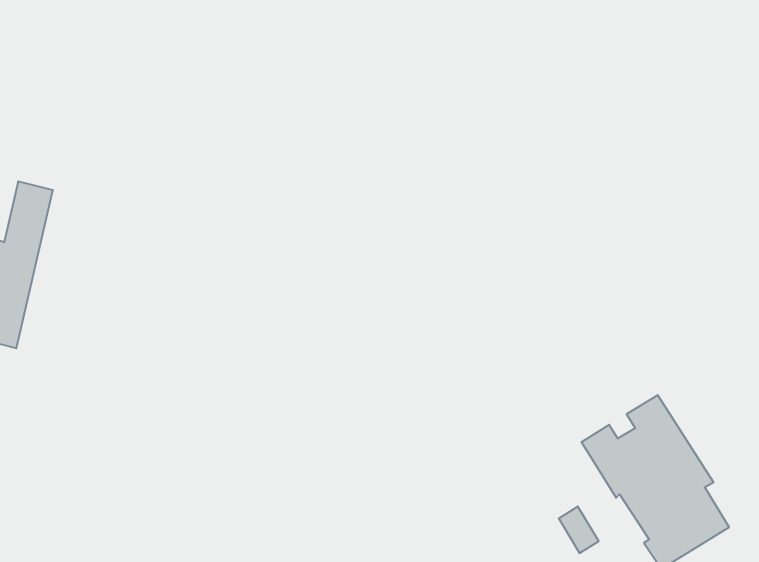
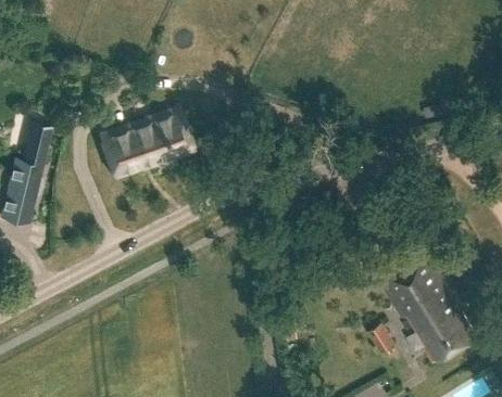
building: none -> [100,111,192,178]

